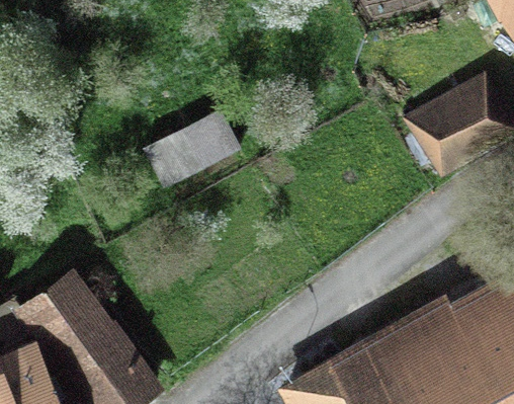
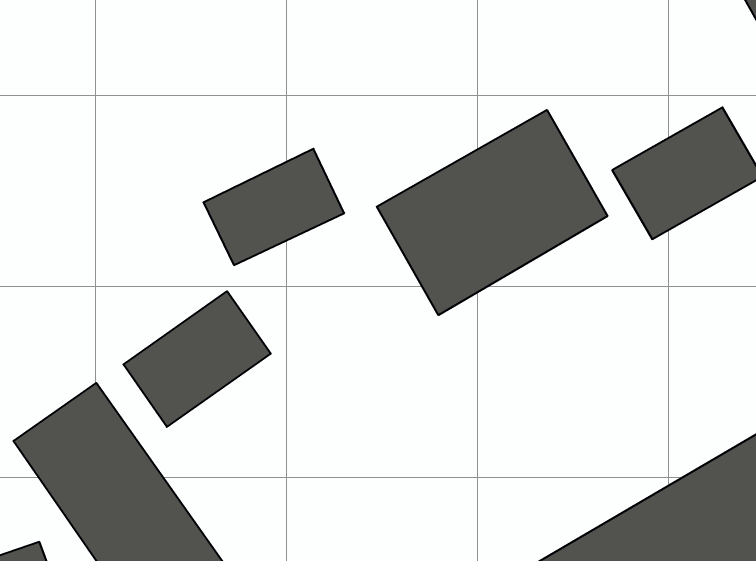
building: none -> [377,110,607,315]
building: none -> [123,291,271,427]

